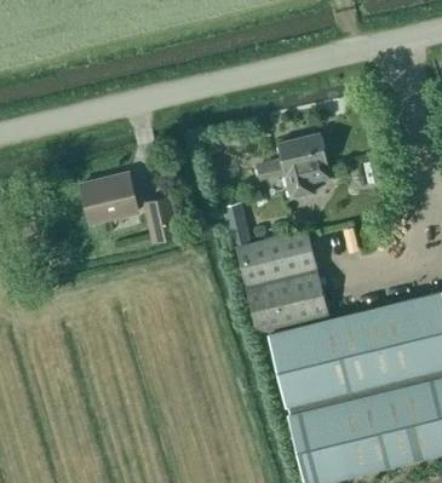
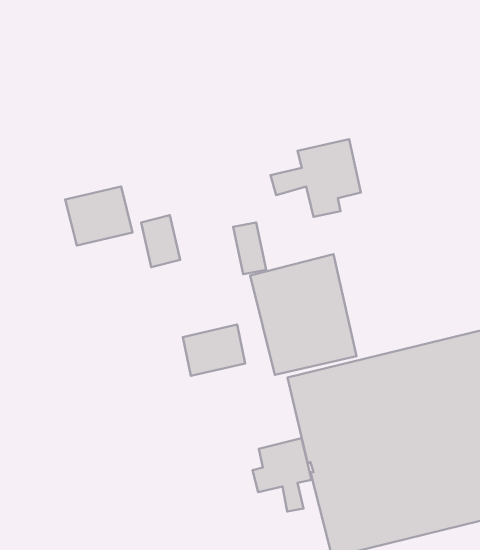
building: none -> [183,325,245,376]
building: none -> [252,438,312,512]

